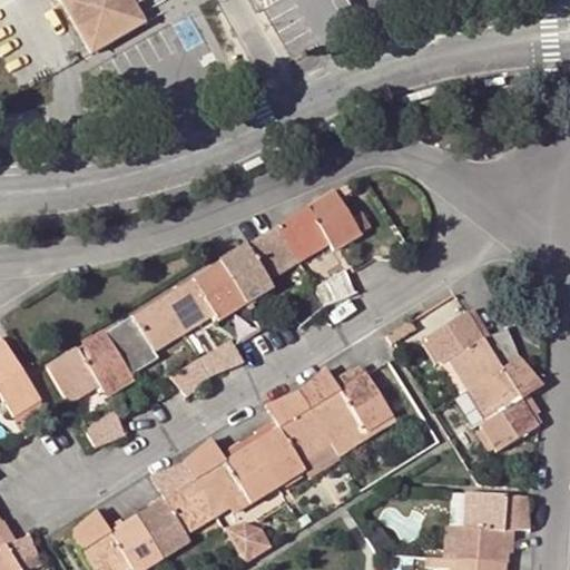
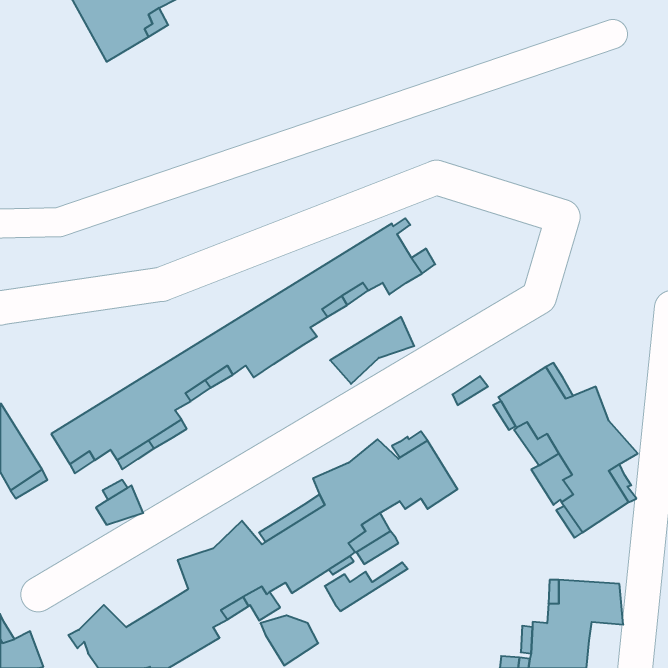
building: [169,338,240,396] -> none
building: [325,414,395,455] -> [325,562,408,611]

